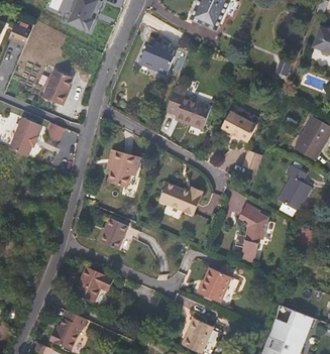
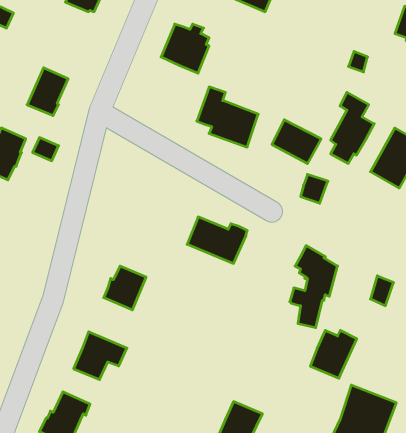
building: [106,148,142,187] -> none
building: [279,163,311,216] -> [331,92,374,163]
building: [199,266,233,302] -> [310,330,357,378]

